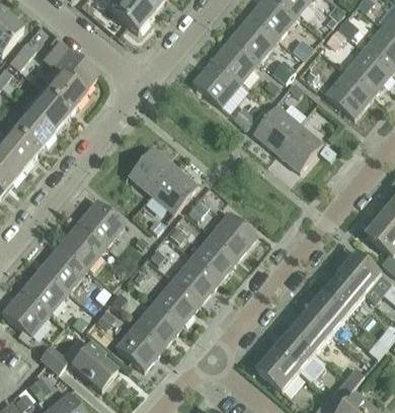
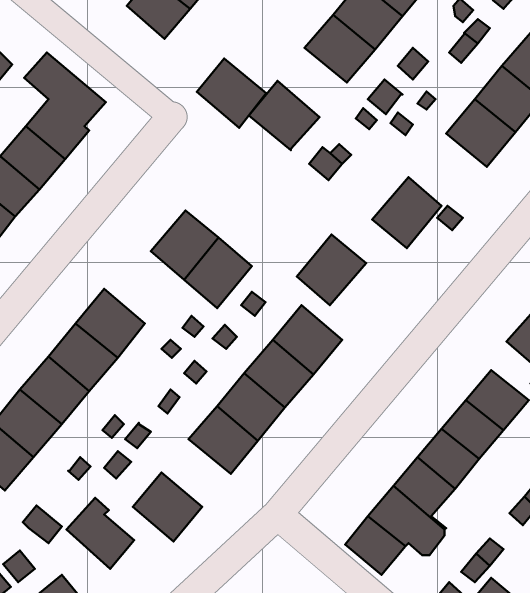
building: [213,38,259,84] -> [197,59,266,128]
building: [254,106,301,153] -> [297,234,366,305]
building: [135,301,181,347] -> none

